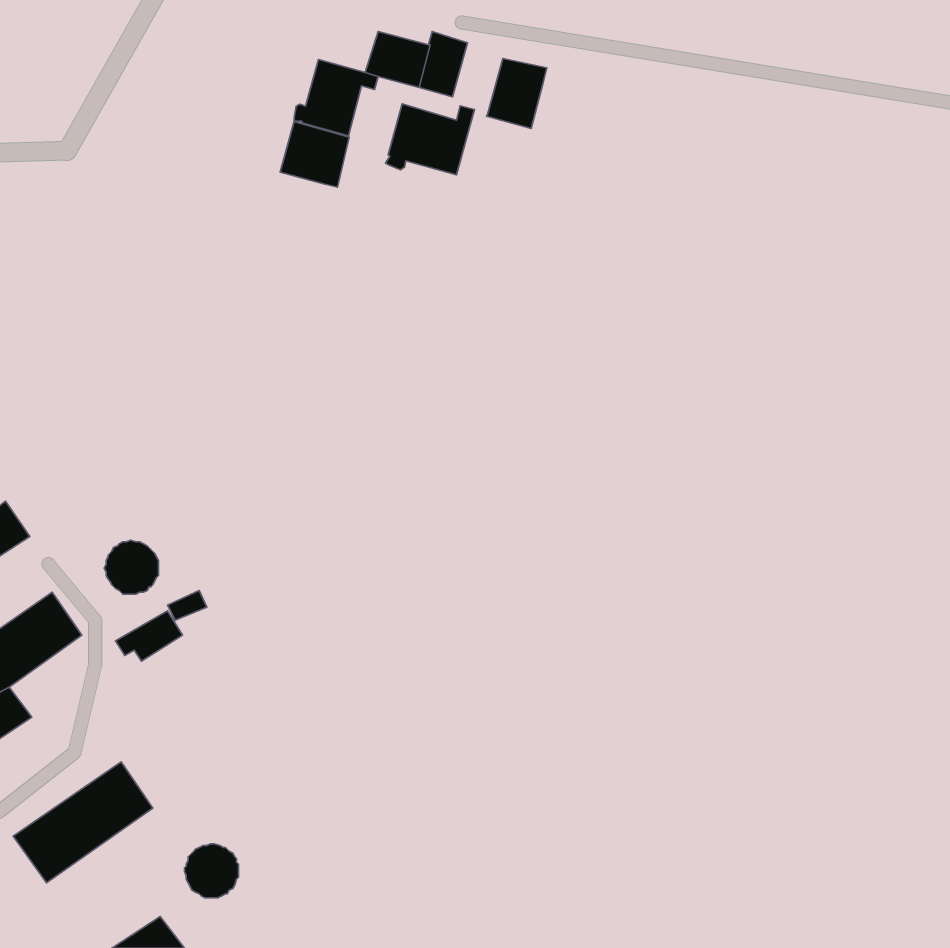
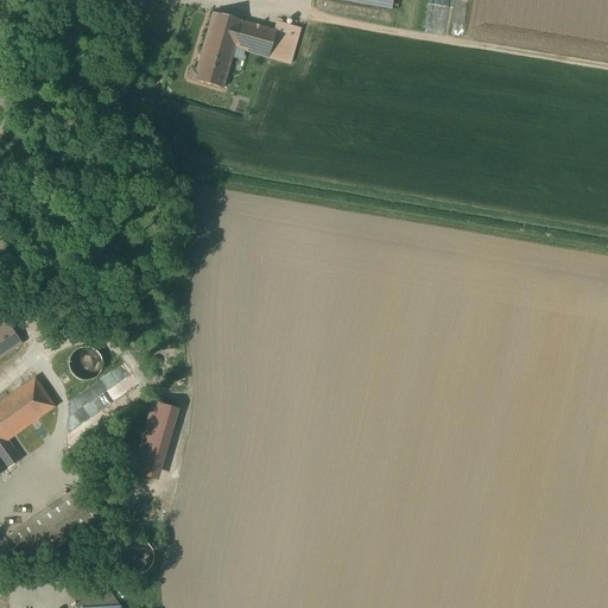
building: none -> [203,11,241,46]
building: [486,58,547,129] -> none
building: [386,104,475,175] -> none
building: [280,121,349,187] -> none
building: none -> [133,398,179,477]

